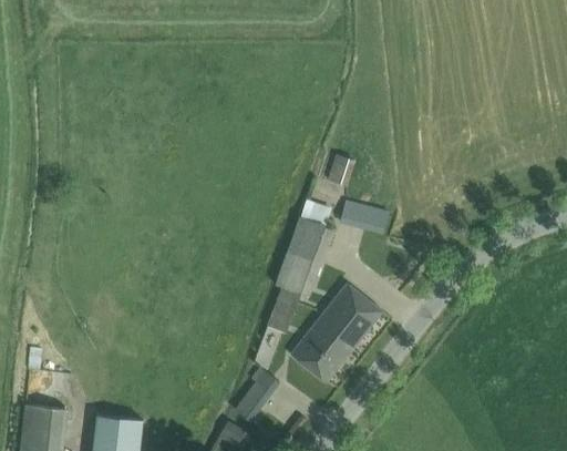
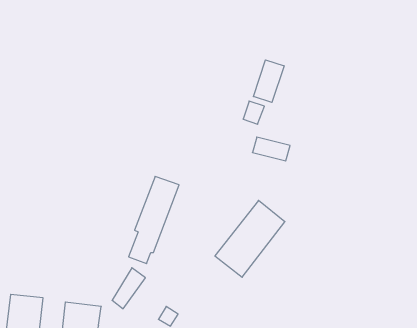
building: none -> [253,60,284,102]
building: [267,218,332,331] -> [129,176,179,264]
building: [235,369,278,422] -> [112,268,145,309]

